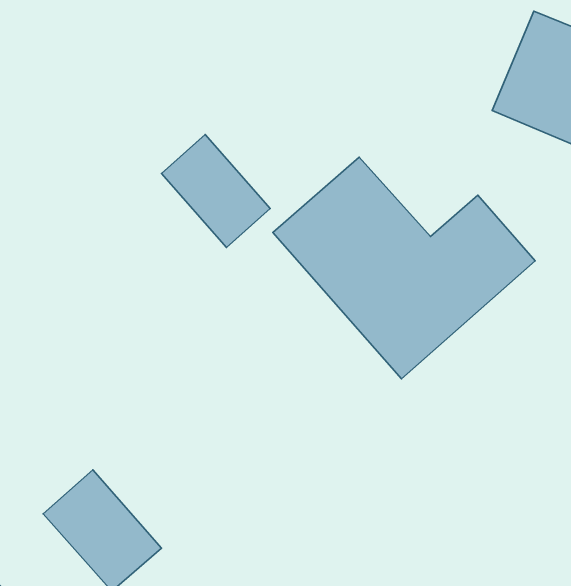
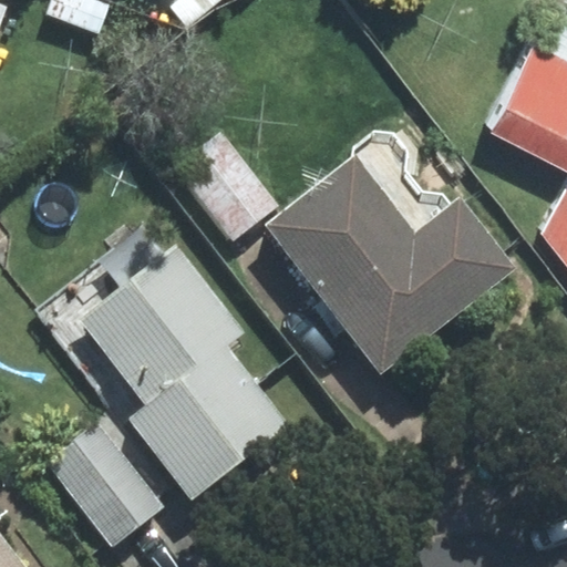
building: none -> [87,271,282,483]

